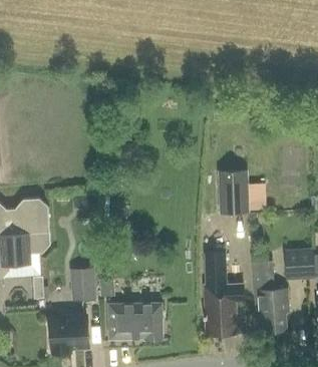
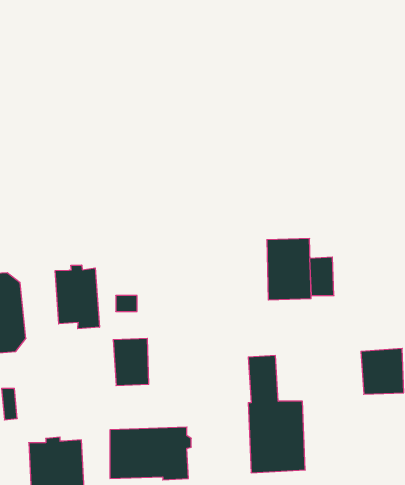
building: none -> [55,265,99,329]
building: [252,254,289,335] -> none
building: [69,269,94,302] -> [113,338,149,386]

